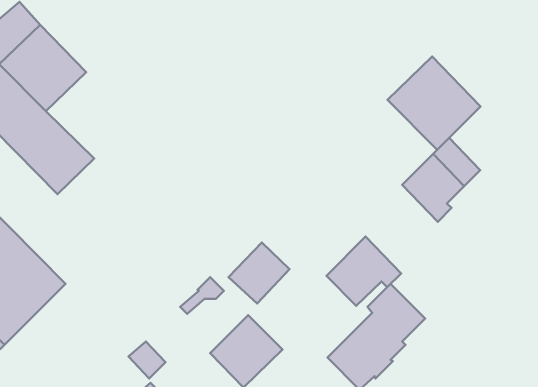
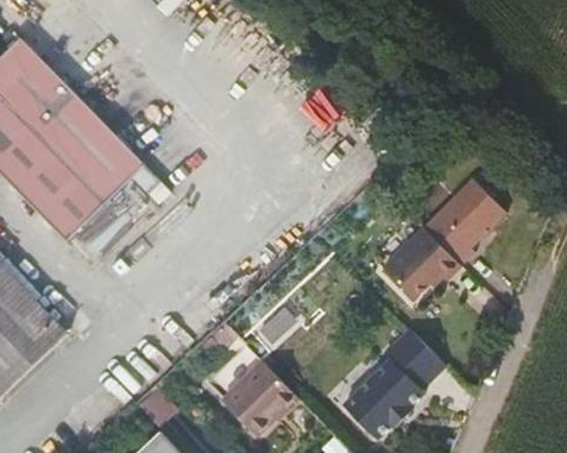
building: [387,57,480,150] -> none
building: none -> [52,111,145,202]
building: [326,237,401,306] -> [380,227,458,298]

